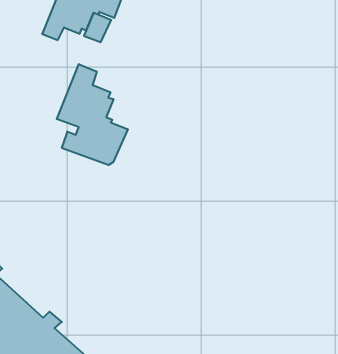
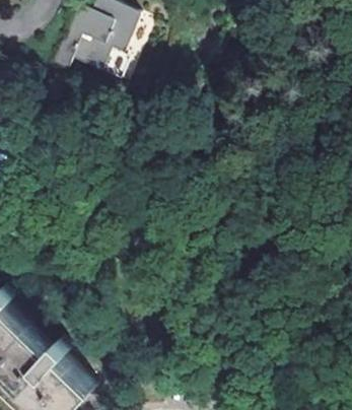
building: [57,64,128,165] -> none

